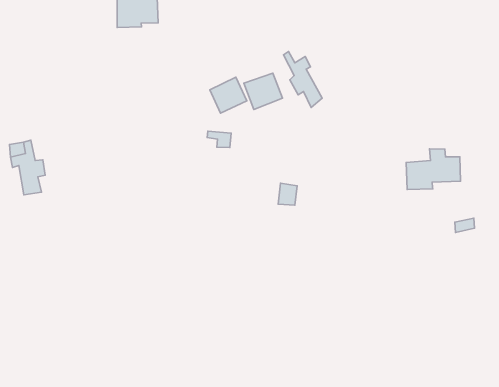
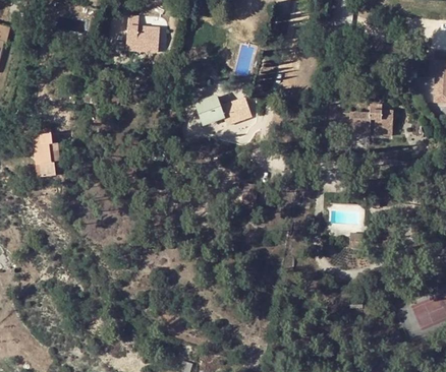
building: [283,51,322,107] -> none
building: [406,149,460,189] -> [349,104,393,135]

